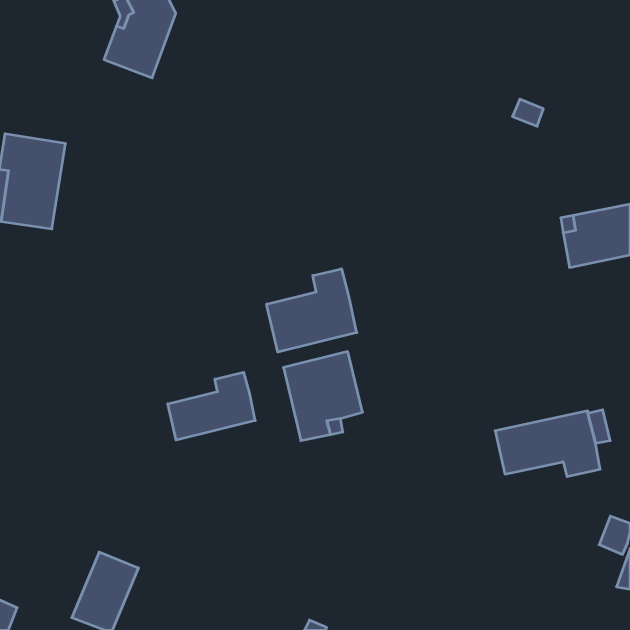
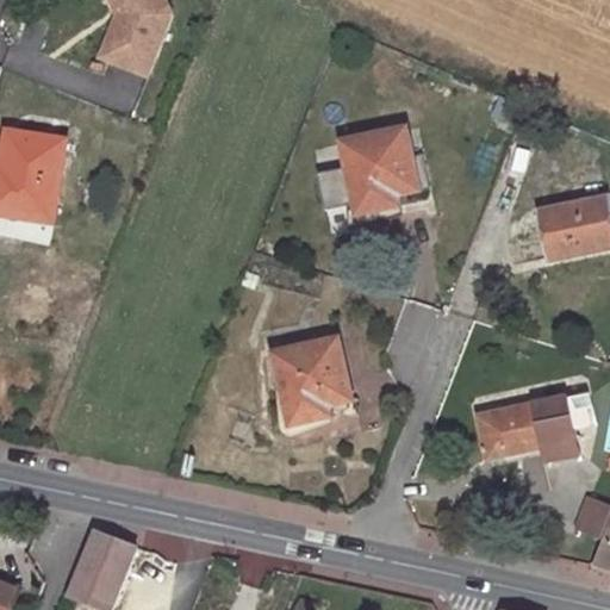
building: none -> [317,127,429,213]
building: [267,269,357,352] -> none
building: [168,372,255,440] -> none

